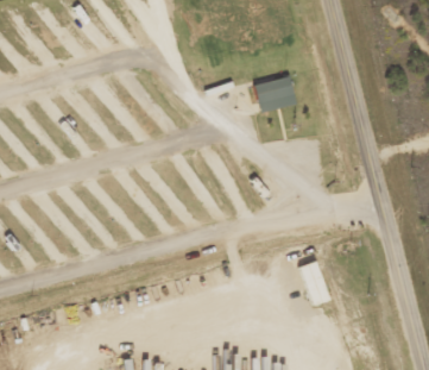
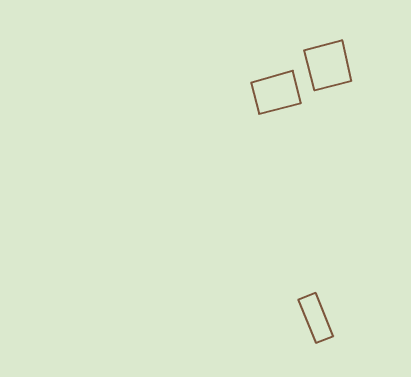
building: none -> [304,40,351,90]

